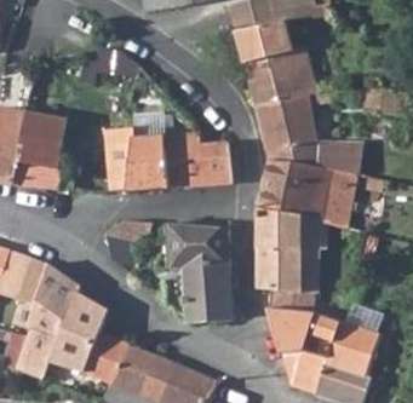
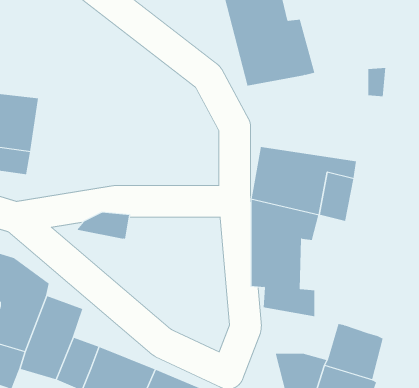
building: [256,97,357,174] -> none
building: [109,127,230,190] -> none
building: [164,224,231,319] -> none
building: [270,306,338,353] -> none

